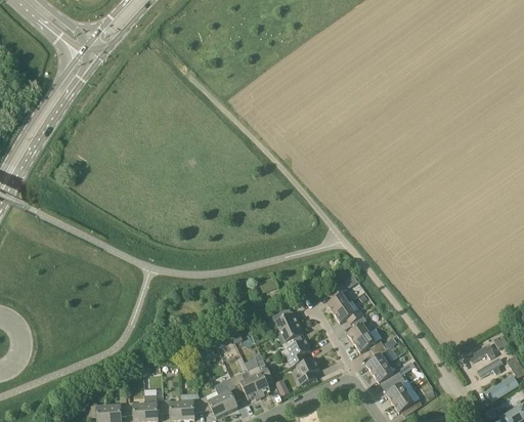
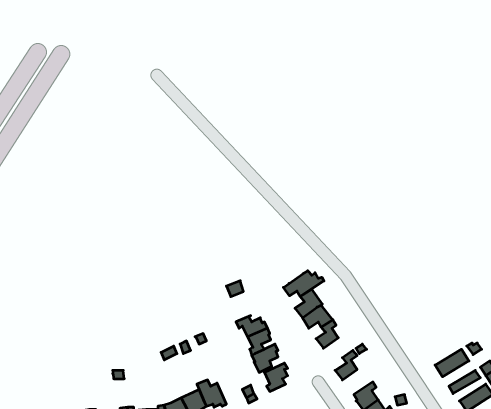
building: none -> [283,271,324,297]
building: [354,327,383,351] -> none
building: [248,352,273,395] -> none
building: [373,358,402,386] -> none

